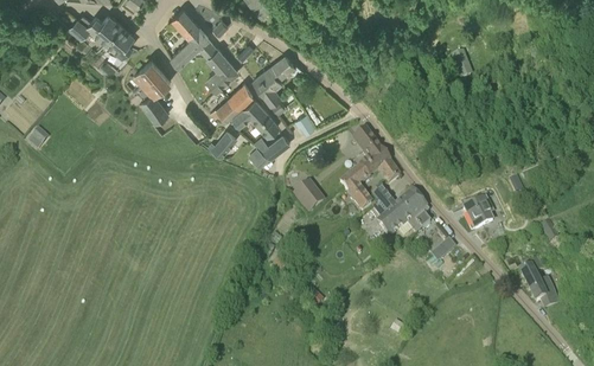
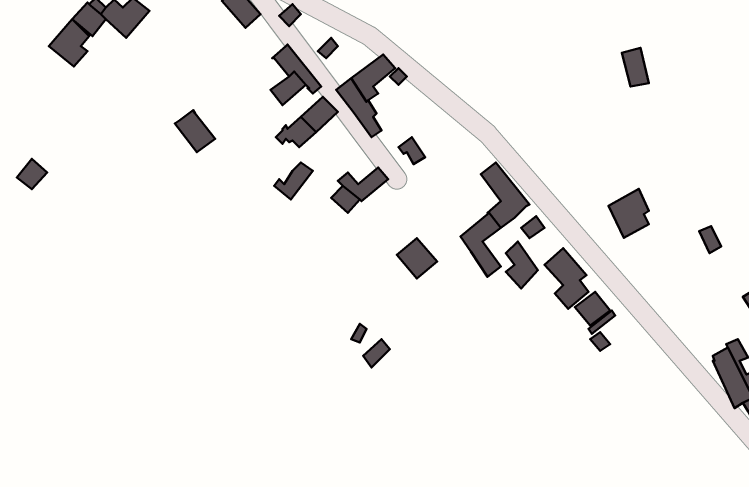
building: [104,25,133,58] -> [49,19,89,66]
building: [171,27,217,66] -> none
building: [127,60,170,102] -> none
building: [234,99,277,135] -> none
building: [464,197,492,231] -> [609,189,649,238]
building: [378,204,413,238] -> none

